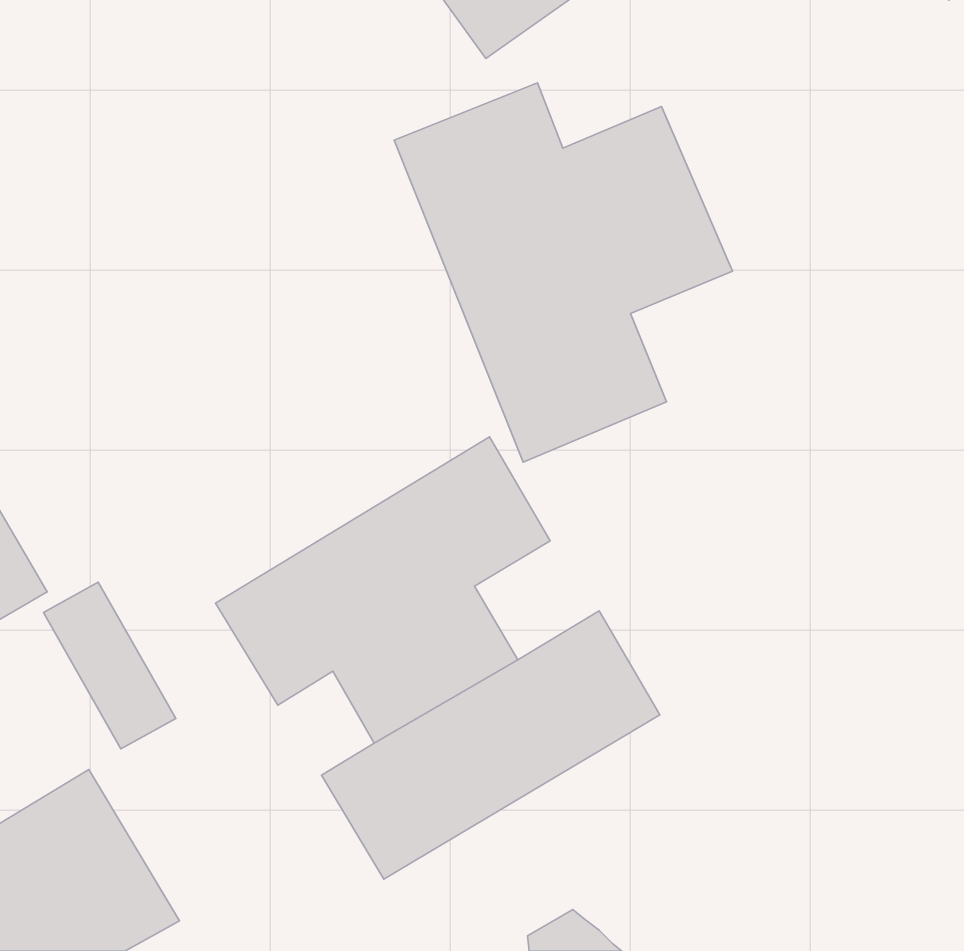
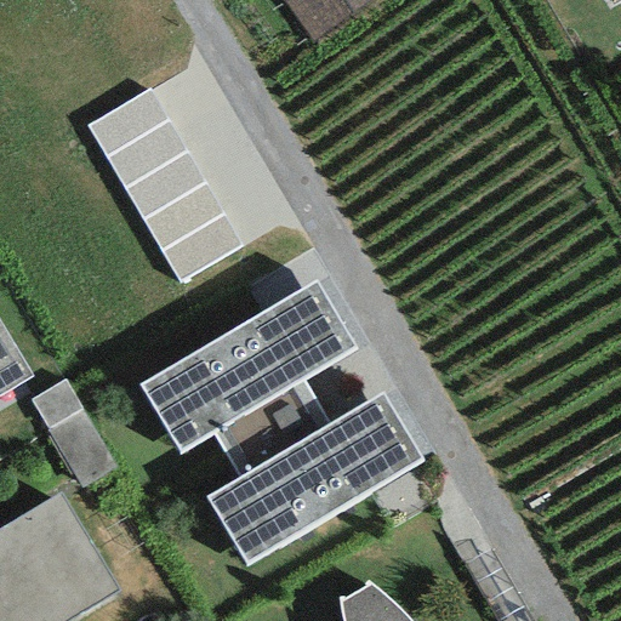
building: [394,83,733,462] -> none
building: none -> [103,90,243,290]

